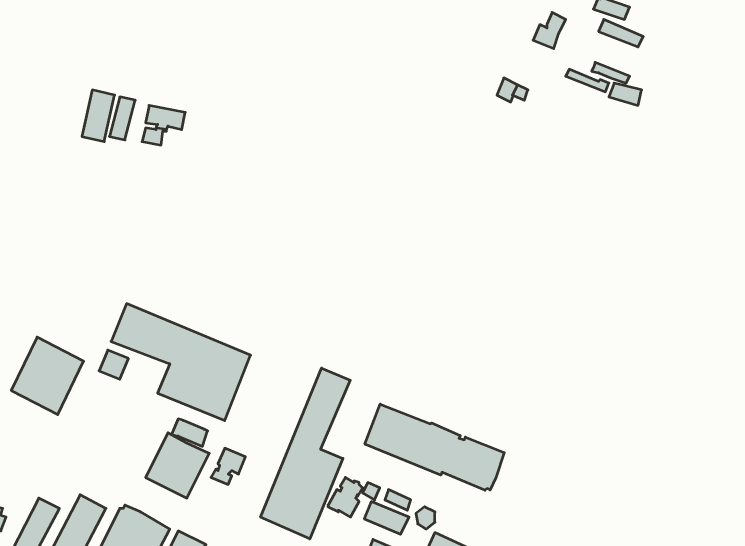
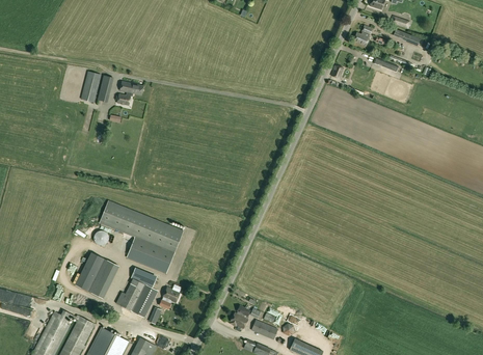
building: [11,337,84,415] -> [75,252,118,299]
building: [261,368,350,539] -> none
building: [365,404,504,490] -> none

